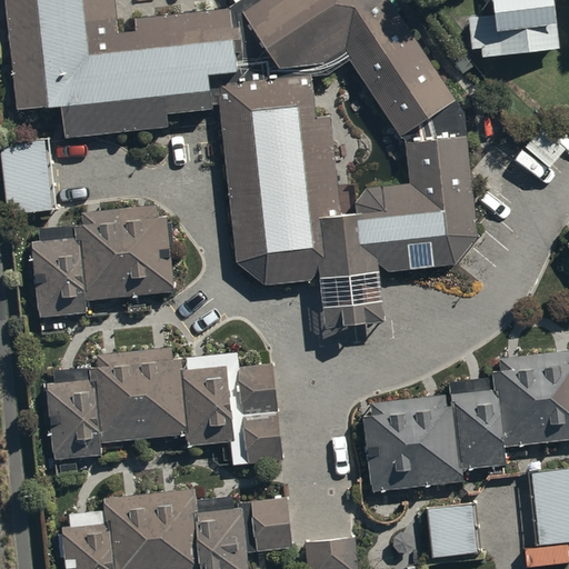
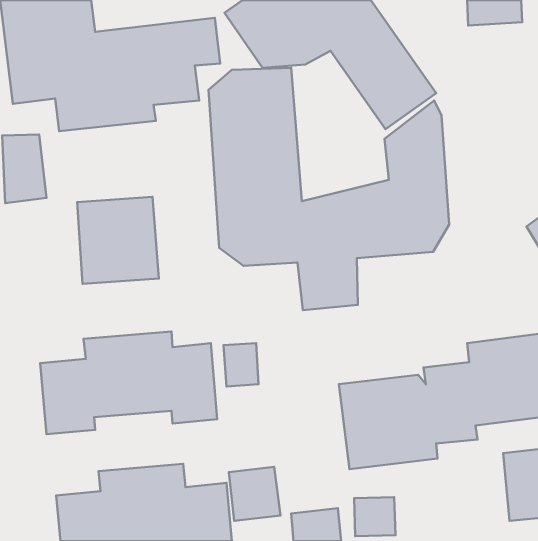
building: [476,23,560,62] -> none
building: [36,238,88,315] -> none
building: [241,415,280,465] -> none
building: [428,513,471,555] -> [354,497,395,536]

